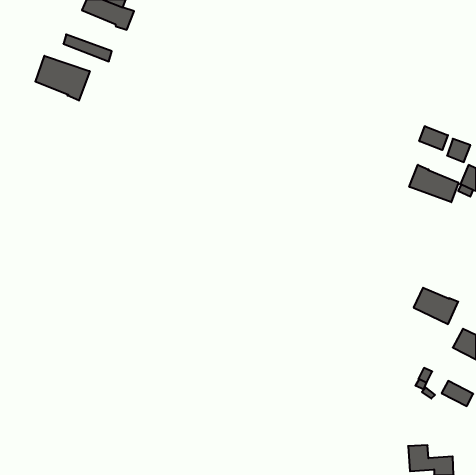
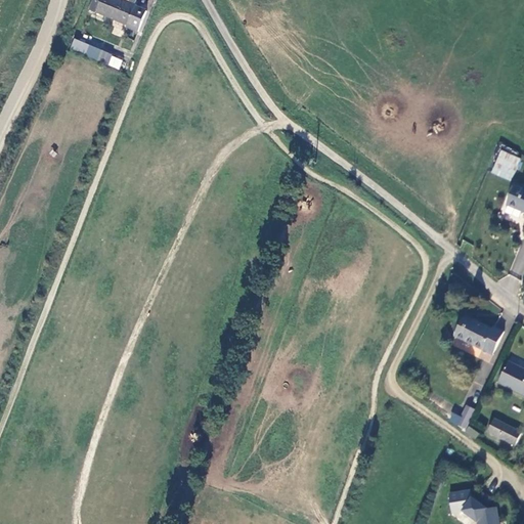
building: [35,56,90,101] -> none
building: [419,126,448,150] -> none
building: [409,165,458,202] -> none

